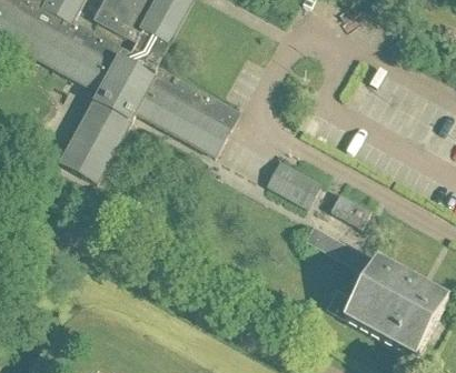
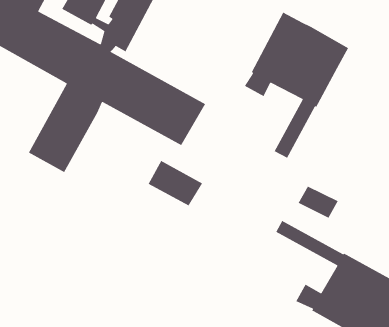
building: none -> [244,11,349,159]
building: [266,161,321,208] -> [148,160,203,207]

